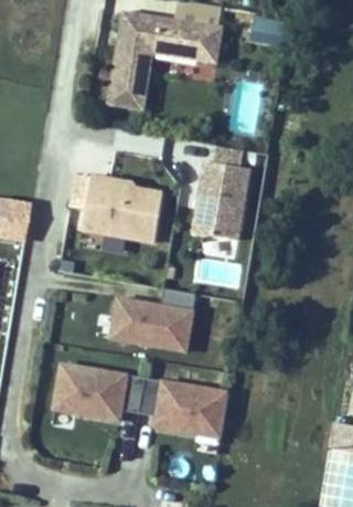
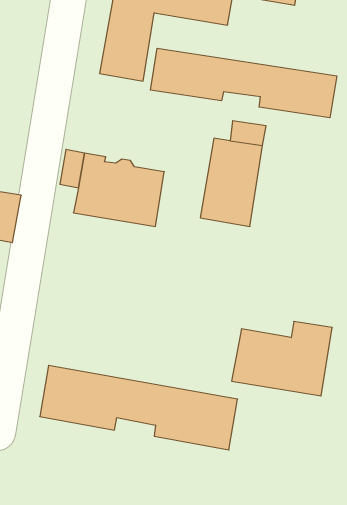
building: none -> [151,48,337,118]
building: [114,296,203,362] -> [232,321,332,396]

